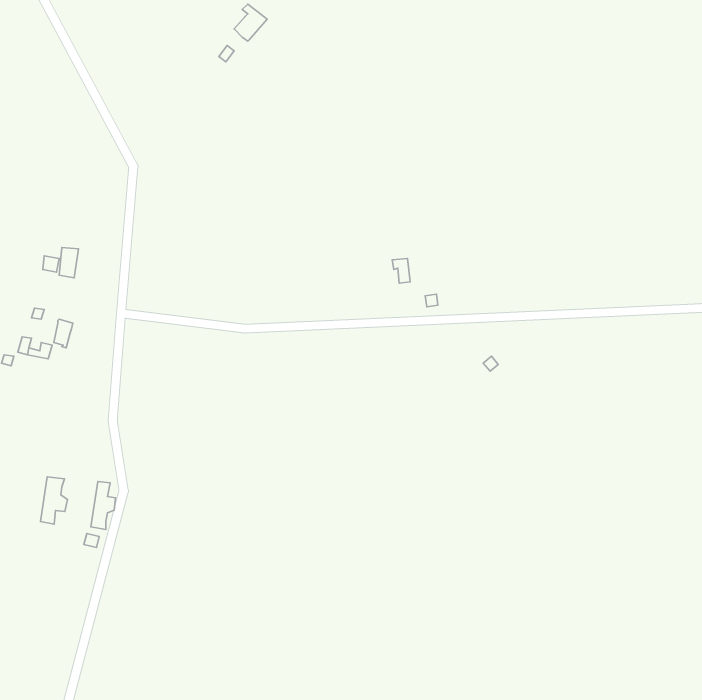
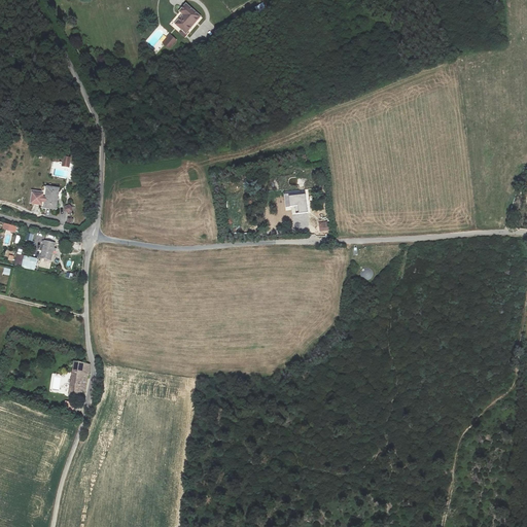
building: [40,477,67,524] -> none

